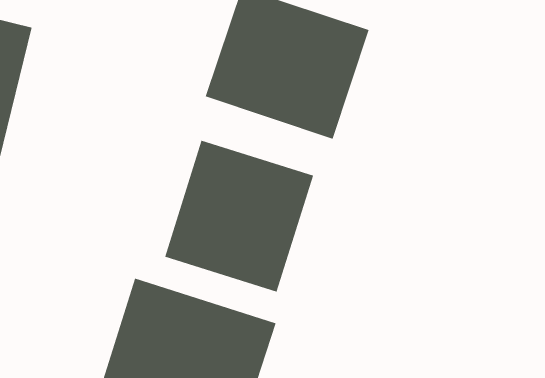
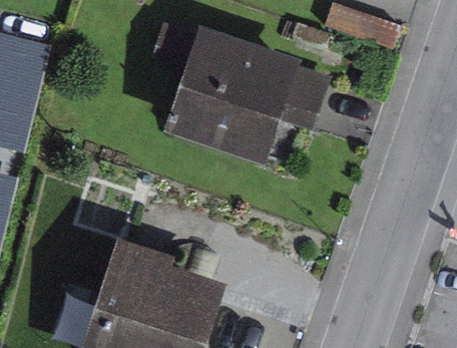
building: [164,140,314,293] -> none

